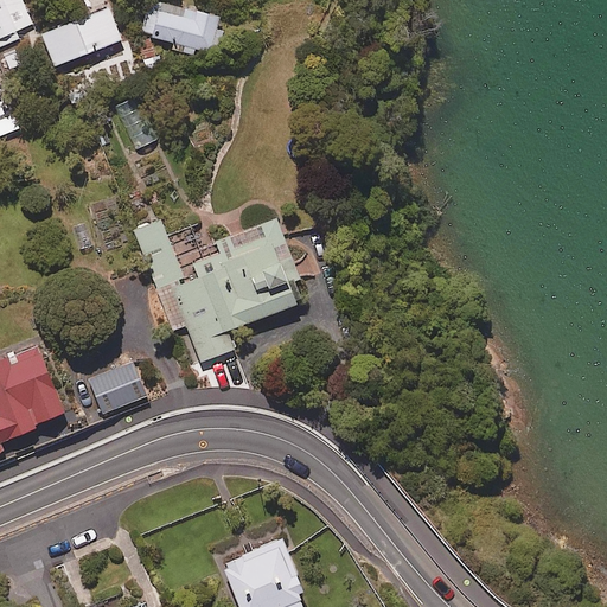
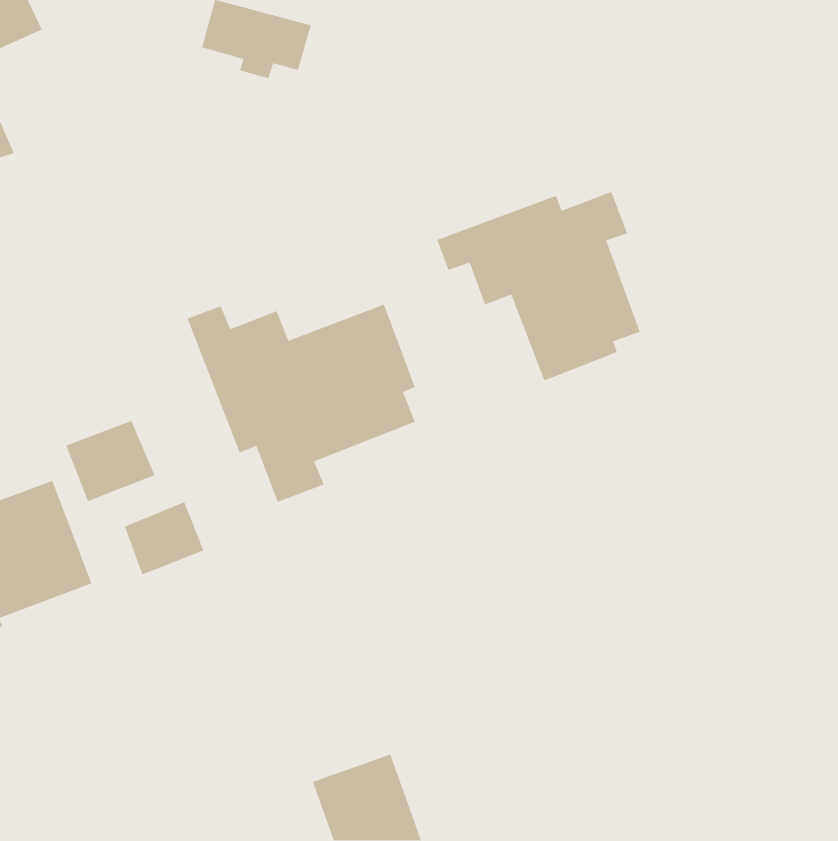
building: [41,8,120,66] -> none
building: none -> [436,191,641,381]
building: none -> [65,420,155,502]

